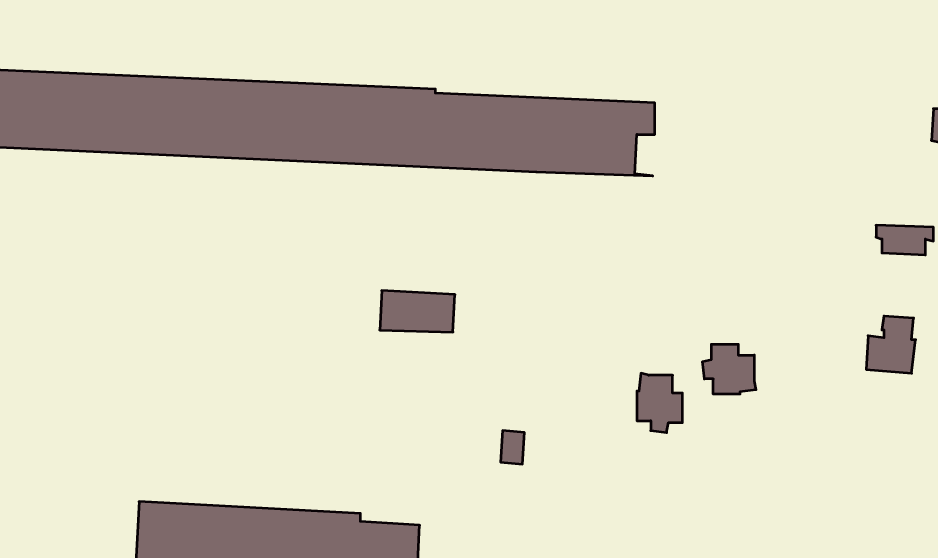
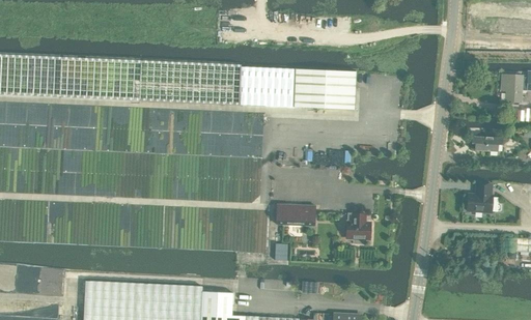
building: [380,291,455,332] -> [276,204,315,226]
building: [703,344,756,394] -> none

